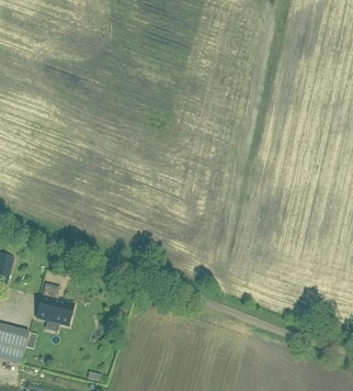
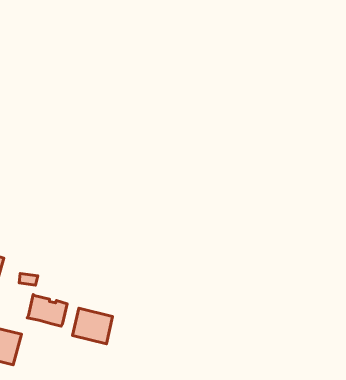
building: none -> [73,308,113,344]

